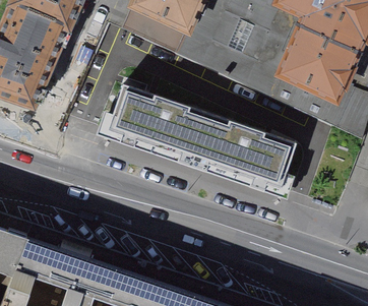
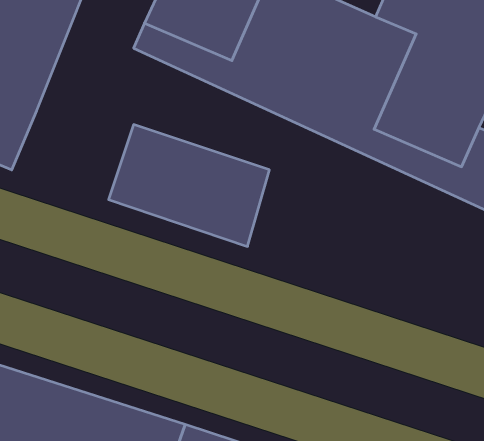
building: [194,111,300,191] -> none

